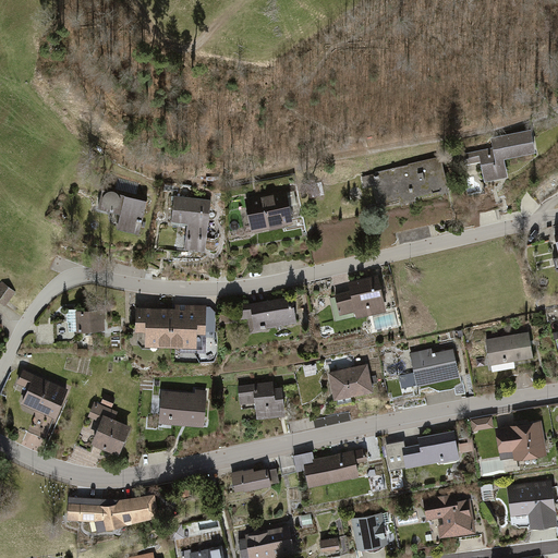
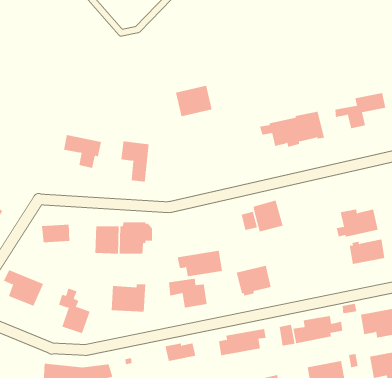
building: [244,190,294,232] -> [175,85,212,117]
building: [236,296,299,332] -> [177,250,223,277]
building: [403,349,461,387] -> [336,209,379,237]

